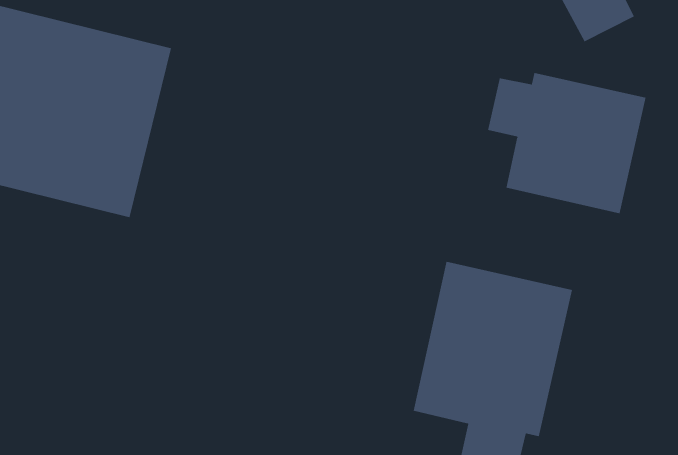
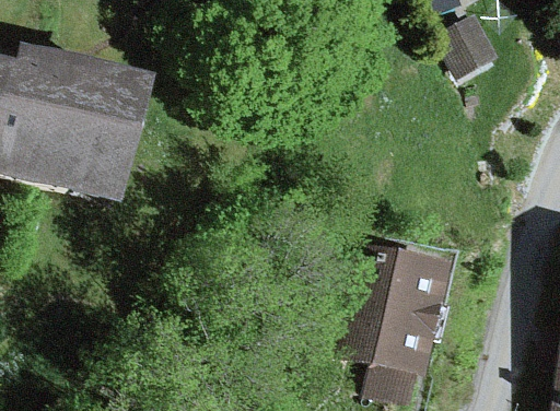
building: [487,72,646,214] -> none

